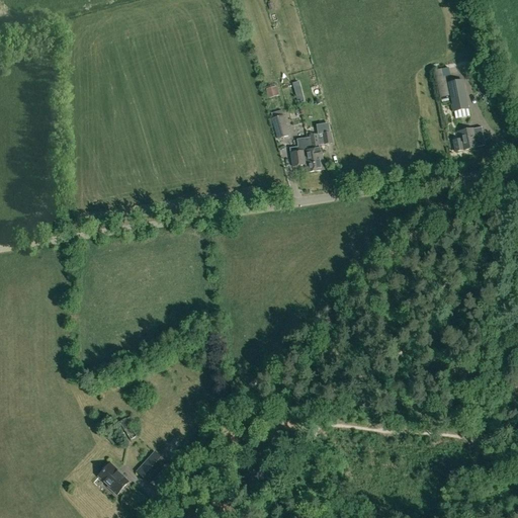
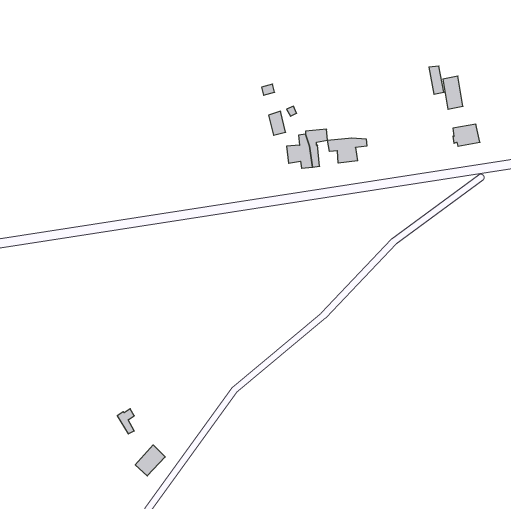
building: none -> [328,138,367,163]
building: [98,461,127,492] -> none

